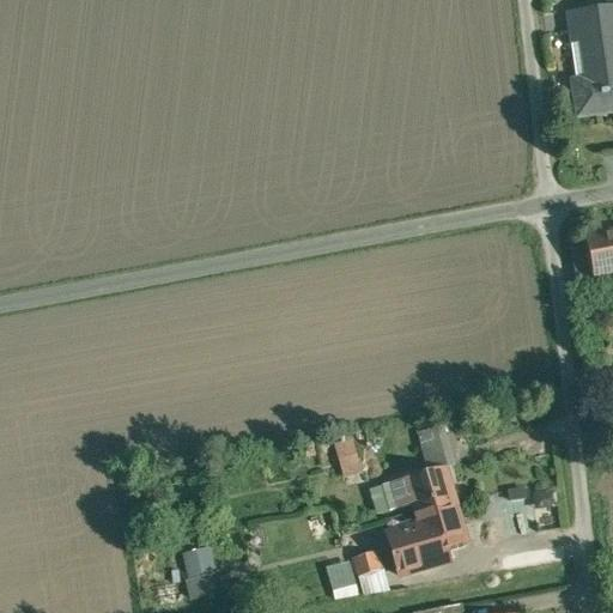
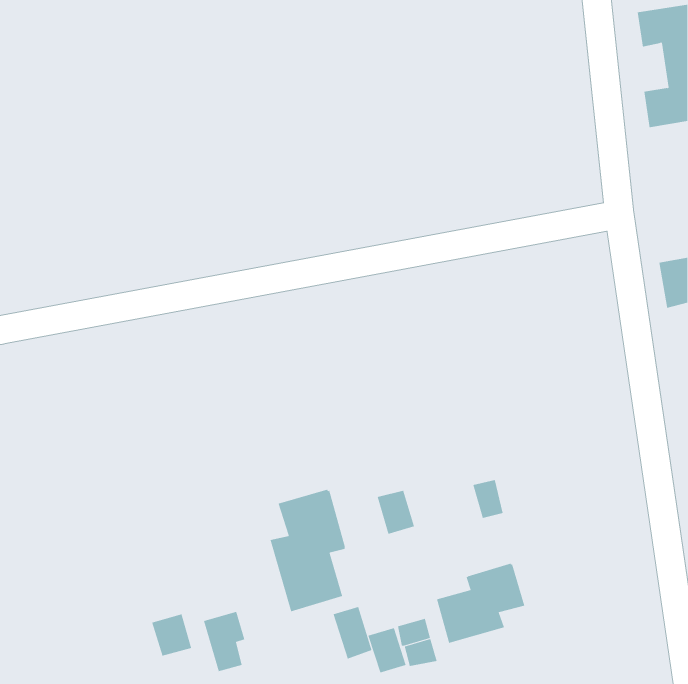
building: none -> [270,489,345,612]
building: [383,465,455,512] -> none
building: none -> [333,606,372,660]
building: none -> [151,613,192,657]

